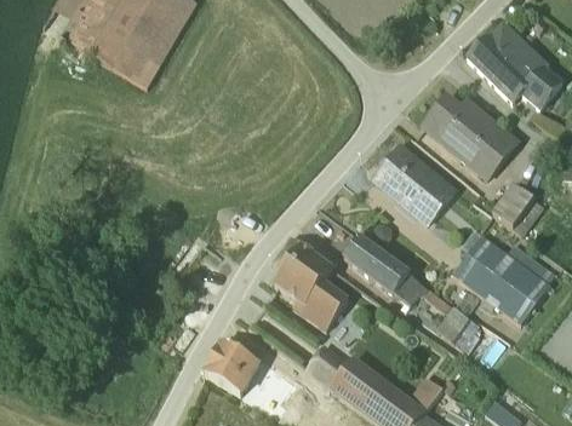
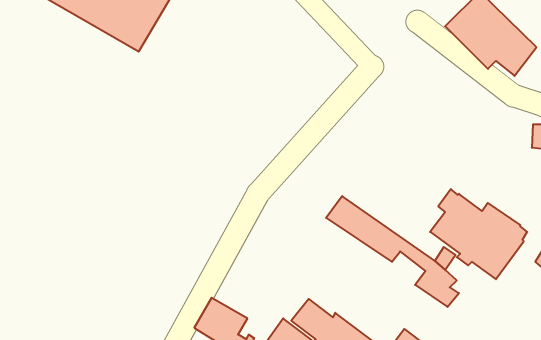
building: [423,97,517,177] -> none
building: [371,143,457,226] -> none
building: [492,184,544,235] -> none
building: [274,238,349,330] -> none

